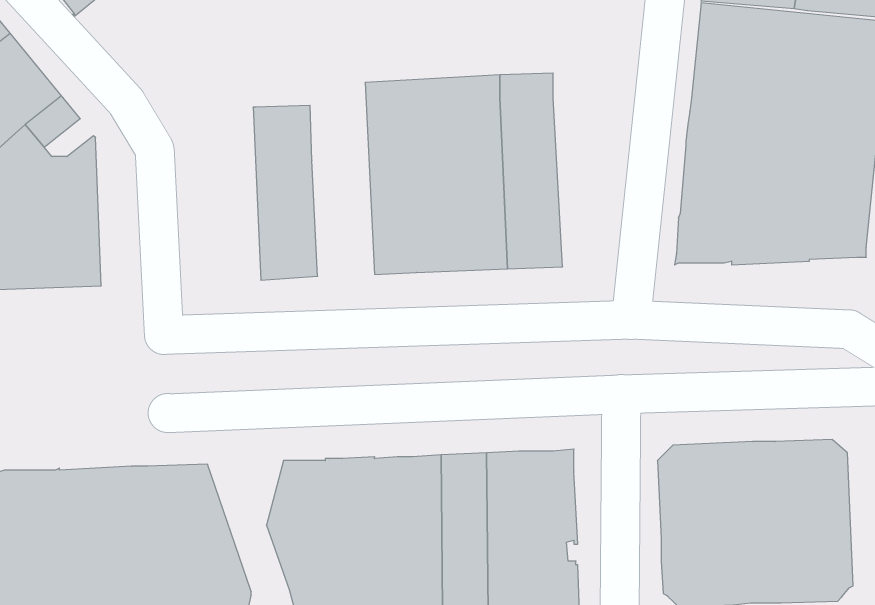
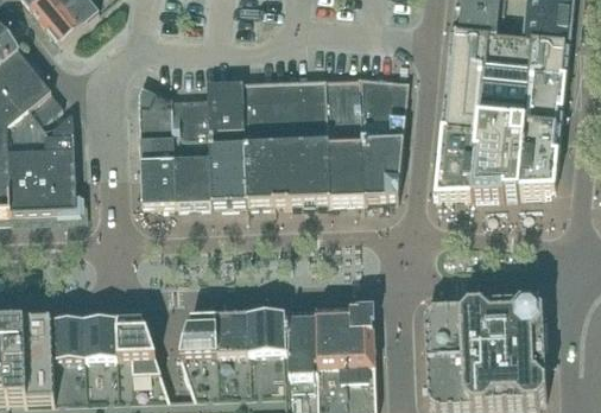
building: none -> [358,75,407,196]
building: none -> [205,81,246,202]
building: none -> [137,84,175,205]

